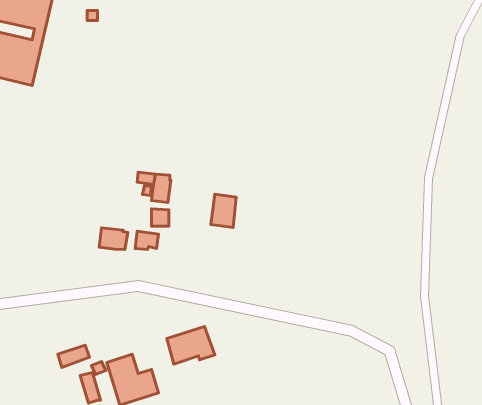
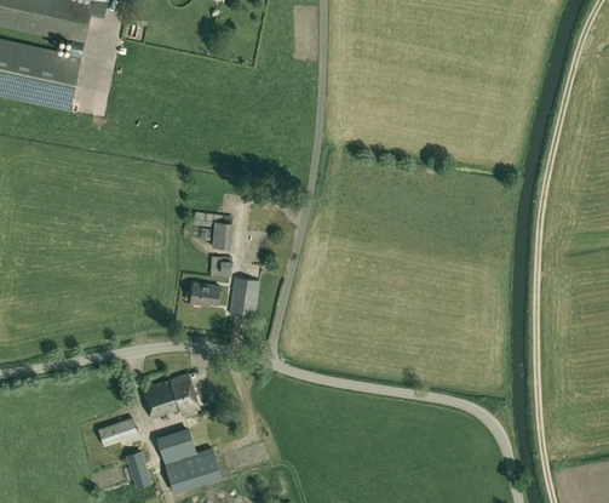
building: [211,194,236,228] -> [229,278,259,318]
building: [99,228,128,249] -> none
building: [167,326,215,364] -> [143,375,200,419]

